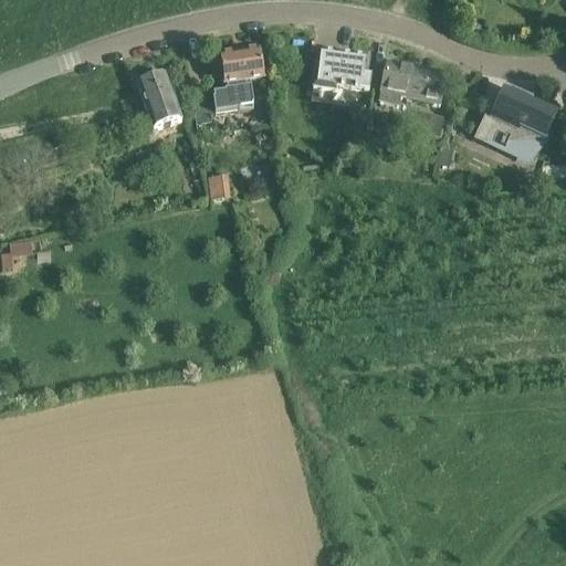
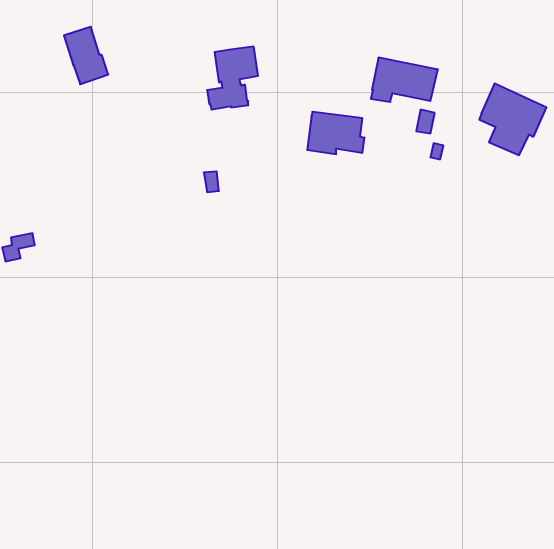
building: [312,49,370,92] -> [307,112,365,154]
building: [136,71,181,129] -> [64,27,108,84]

